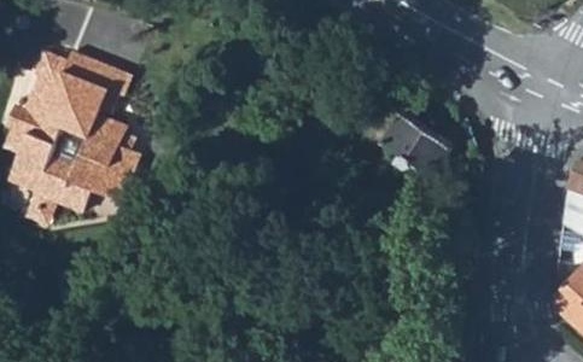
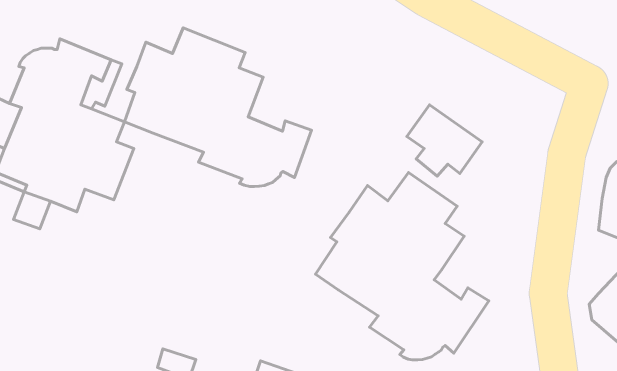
building: none -> [124,28,311,187]
building: none -> [316,172,489,360]

